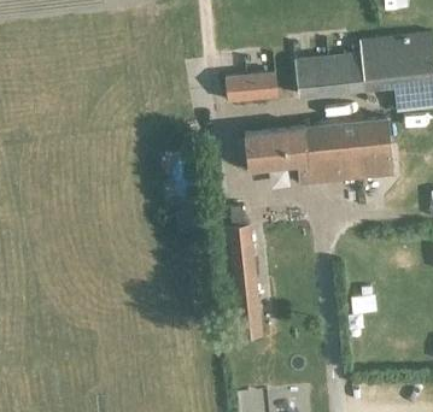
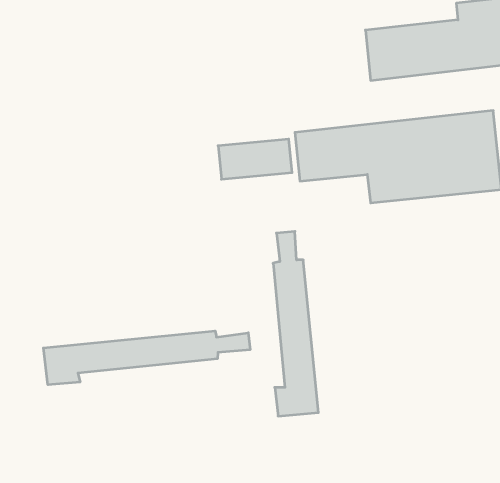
building: [226,72,279,101] -> [218,139,292,179]
building: none -> [43,331,250,385]

